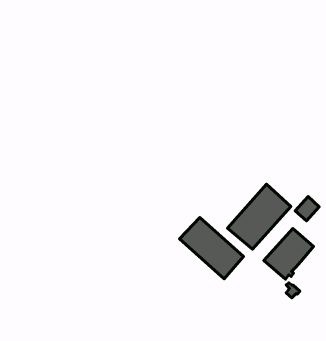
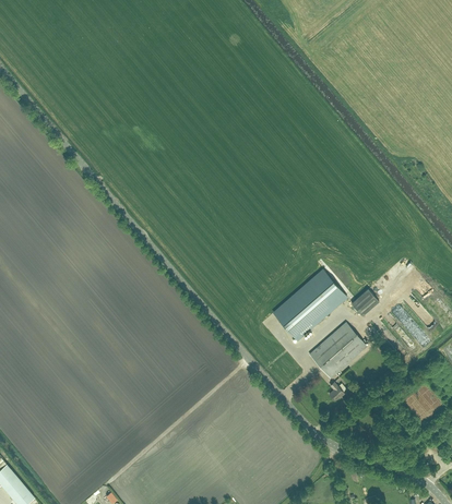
building: [179,217,243,279] -> none

